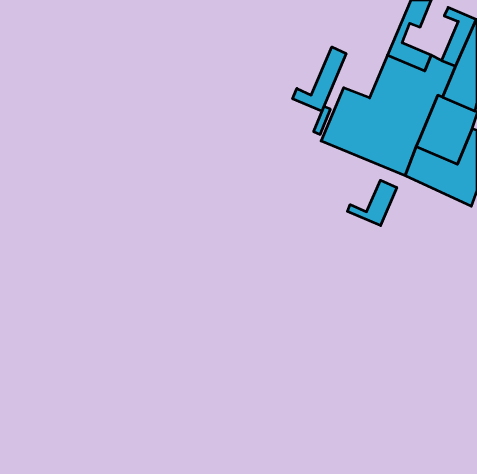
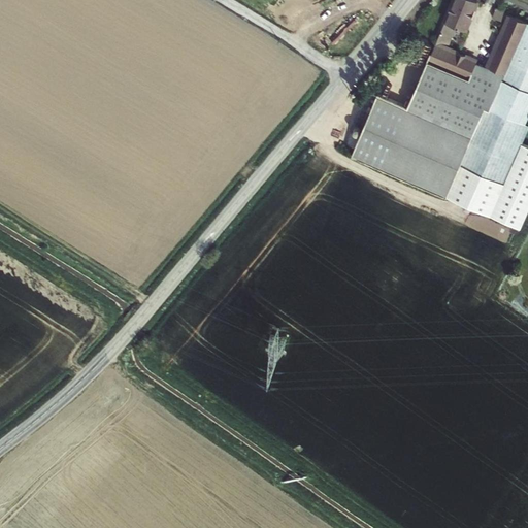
building: [293,47,346,111] -> none
building: [347,180,397,226] -> none

